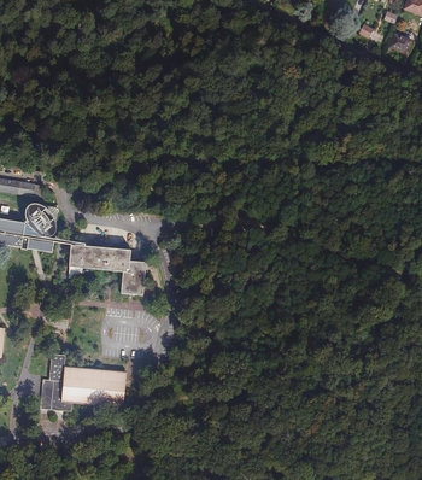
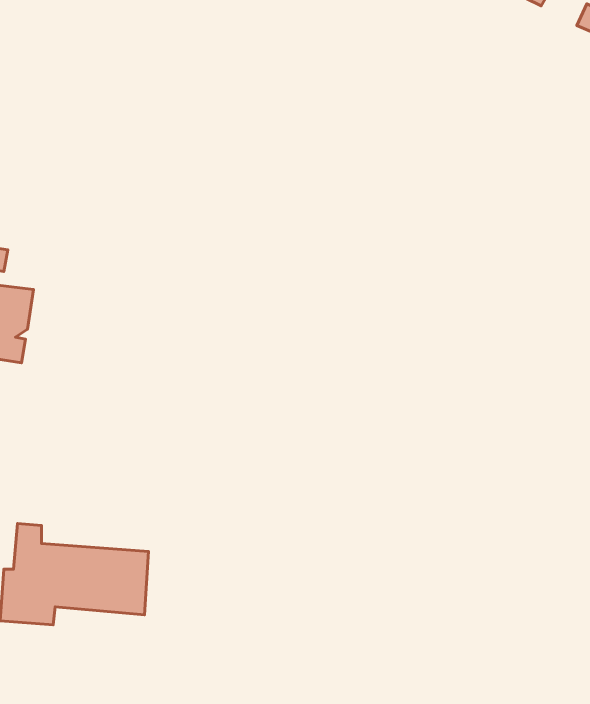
building: [64,244,148,298] -> none

